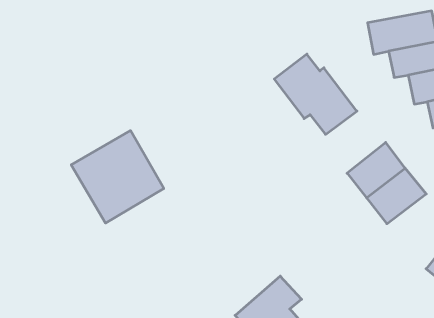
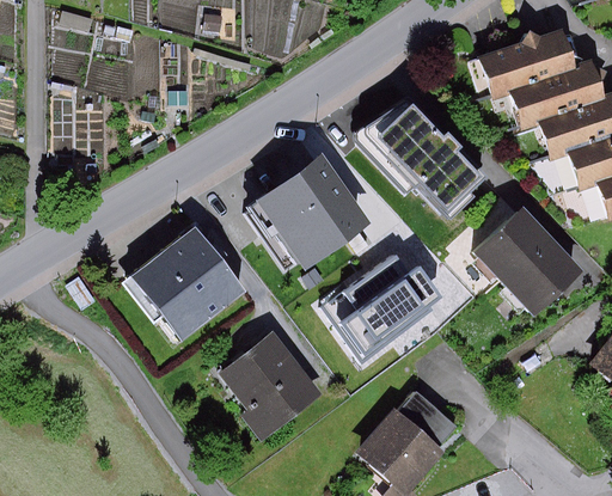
building: none -> [256,155,372,270]
building: none -> [325,256,443,360]
building: none -> [220,342,304,436]

